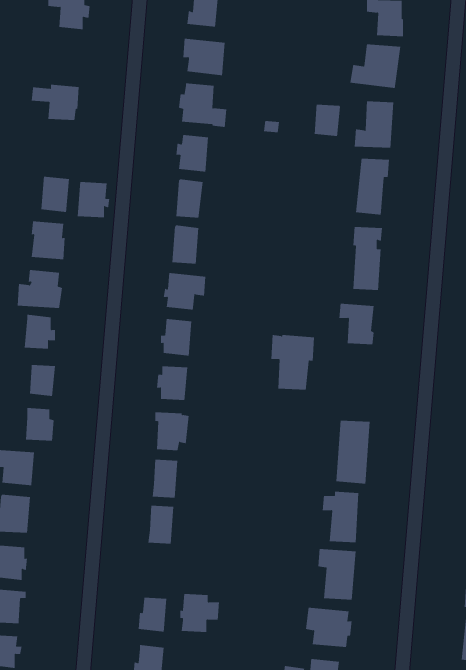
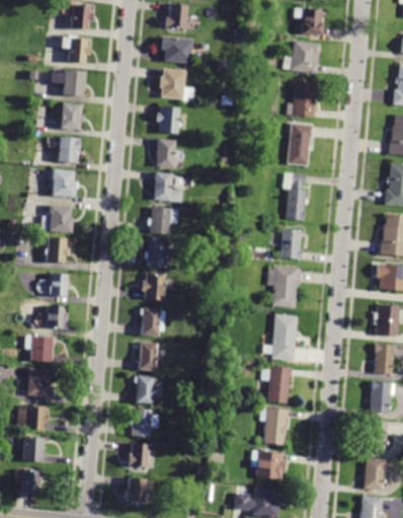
building: none -> [60,34,91,63]
building: [314,104,341,137] -> none
building: [77,182,110,218] -> [60,103,84,130]
building: [270,335,315,390] -> [268,267,301,307]
building: [179,594,220,633] -> [131,409,160,437]

